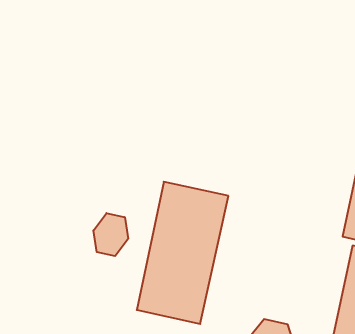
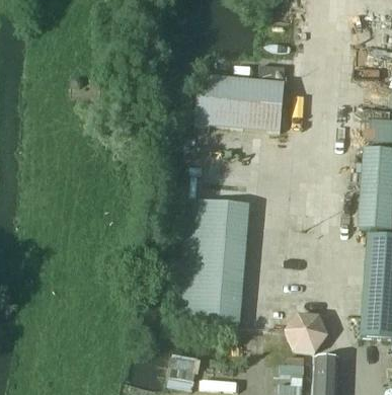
building: none -> [194,76,284,133]
building: [93,213,128,256] -> none

